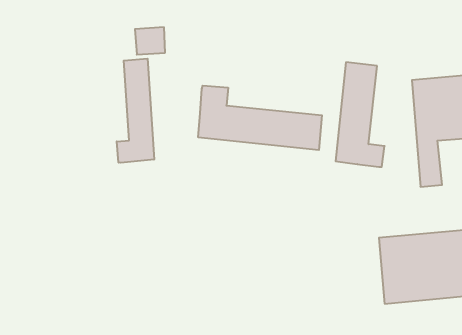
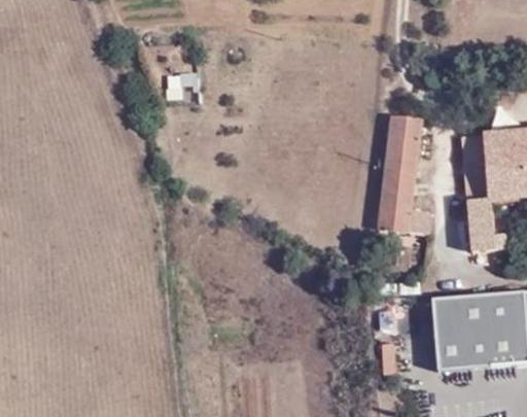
building: [117,59,154,163] -> none
building: [198,86,322,150] -> none

